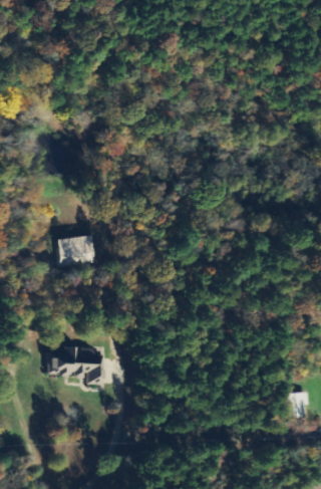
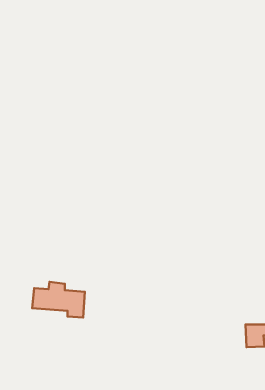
building: [59,234,99,267] -> none

